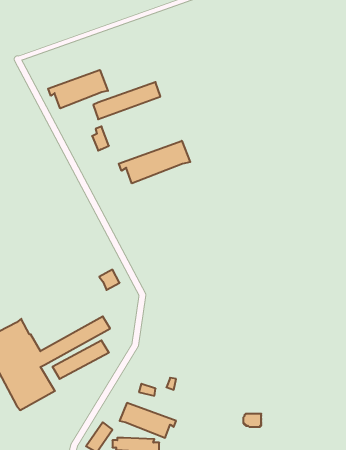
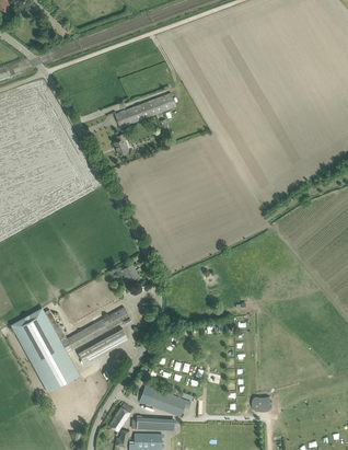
building: [48,70,108,108] -> none
building: [119,141,190,183] -> none

